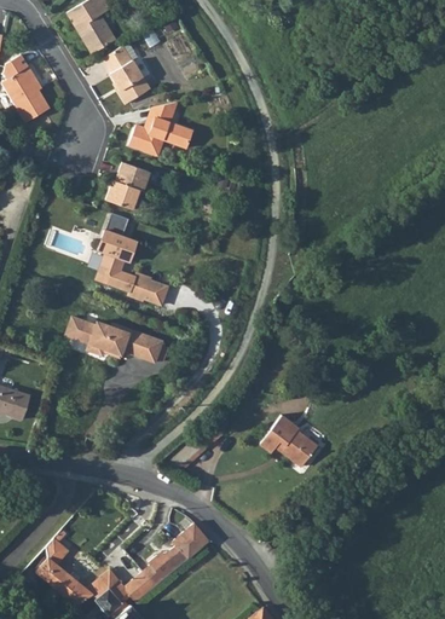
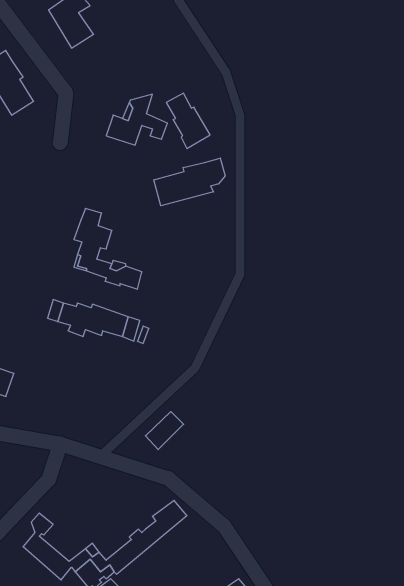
building: [102,47,148,105] -> [166,93,210,149]
building: [105,163,149,210] -> none
building: none -> [154,158,225,206]
building: [261,413,318,463] -> none

